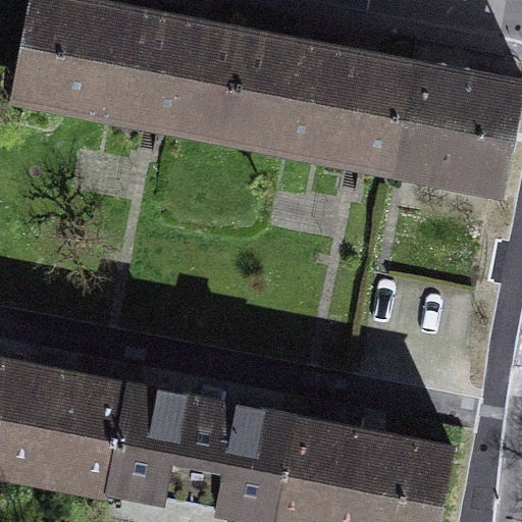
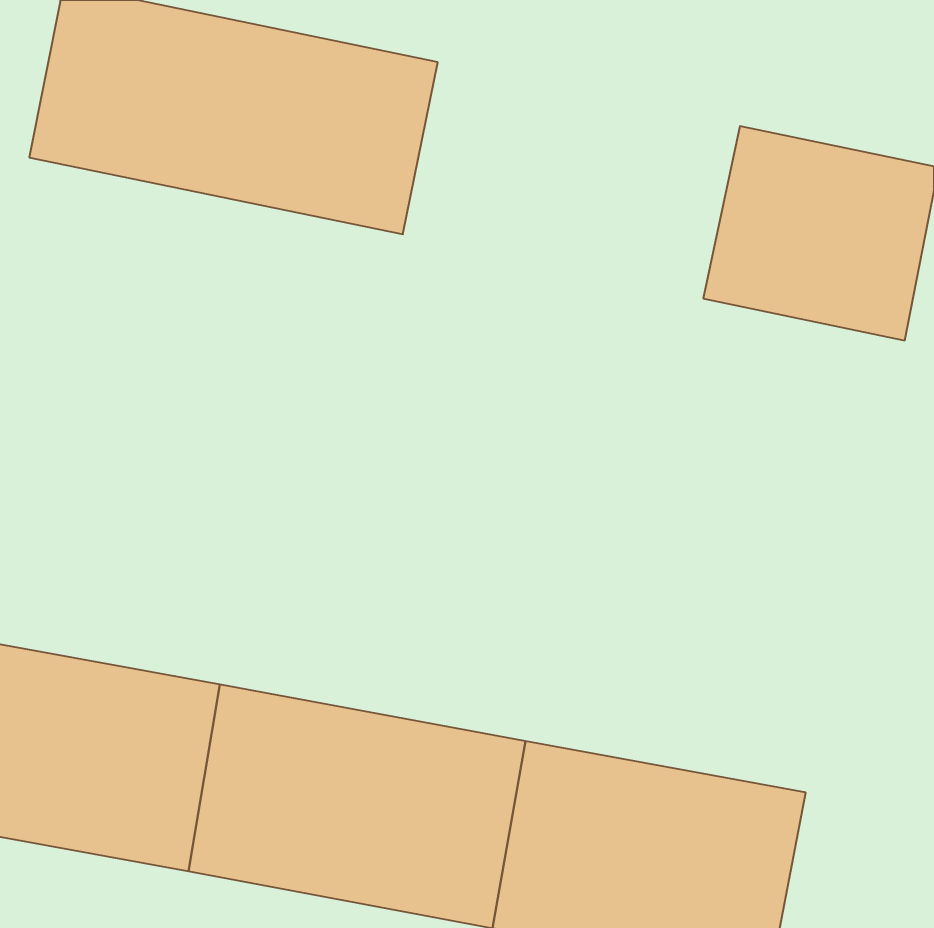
building: [224,39,412,170] -> none

